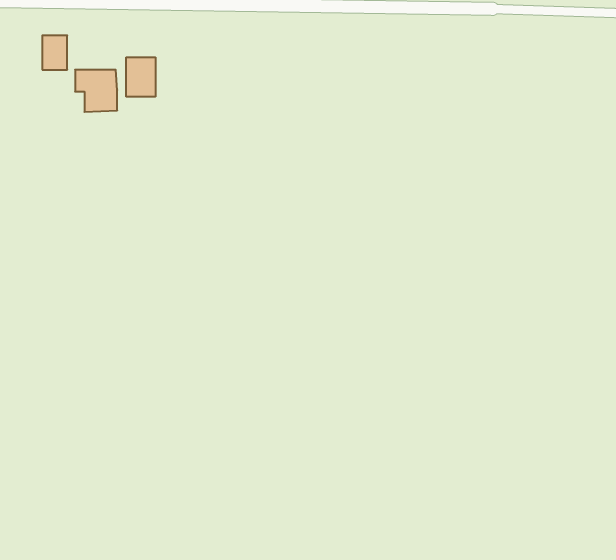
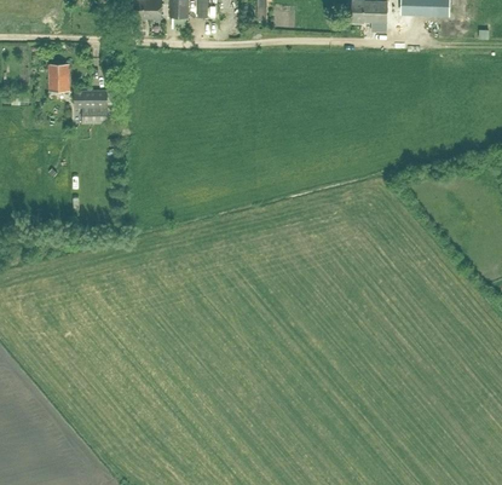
building: [126,57,155,97] -> none

